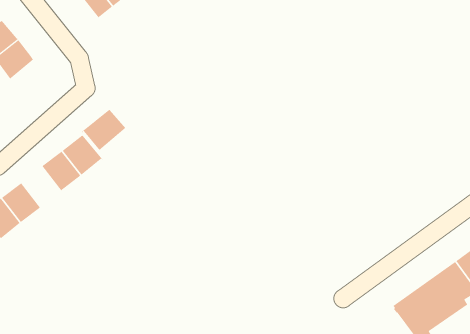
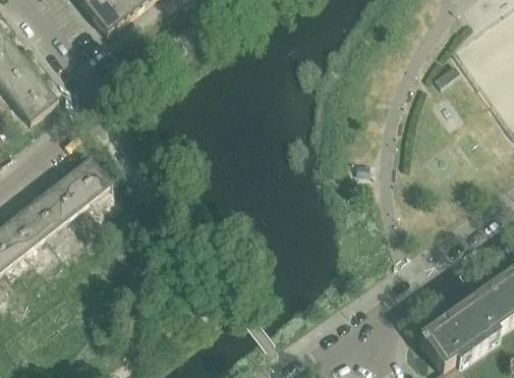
building: none -> [13,77,58,121]
building: [82,108,126,151] -> none
building: none -> [25,191,67,234]

